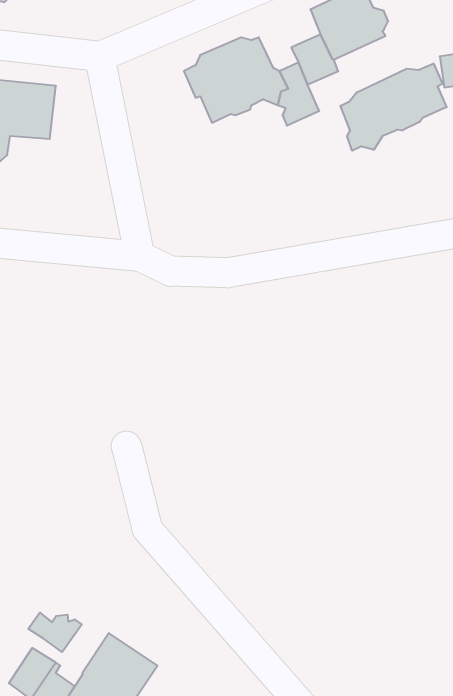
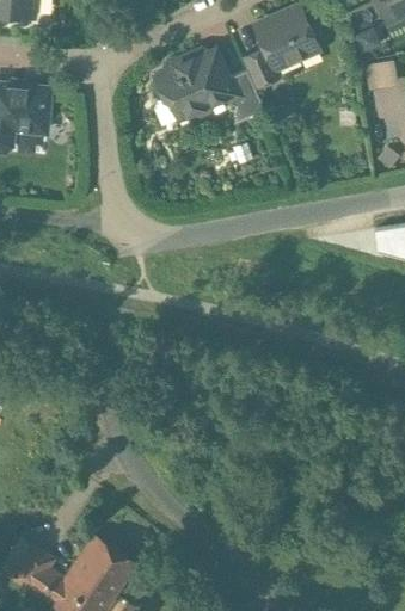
building: [340,63,447,151] -> none
building: [28,613,82,652] -> none

